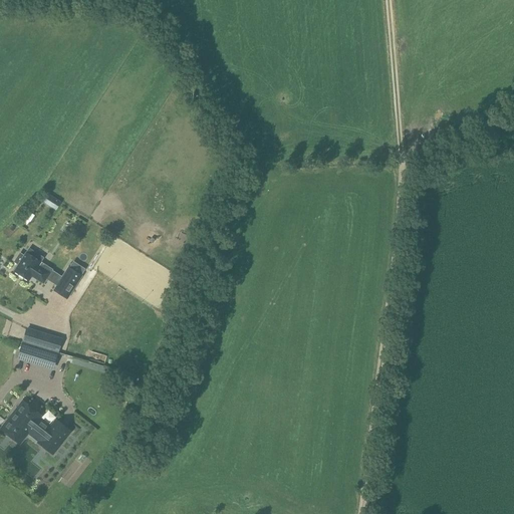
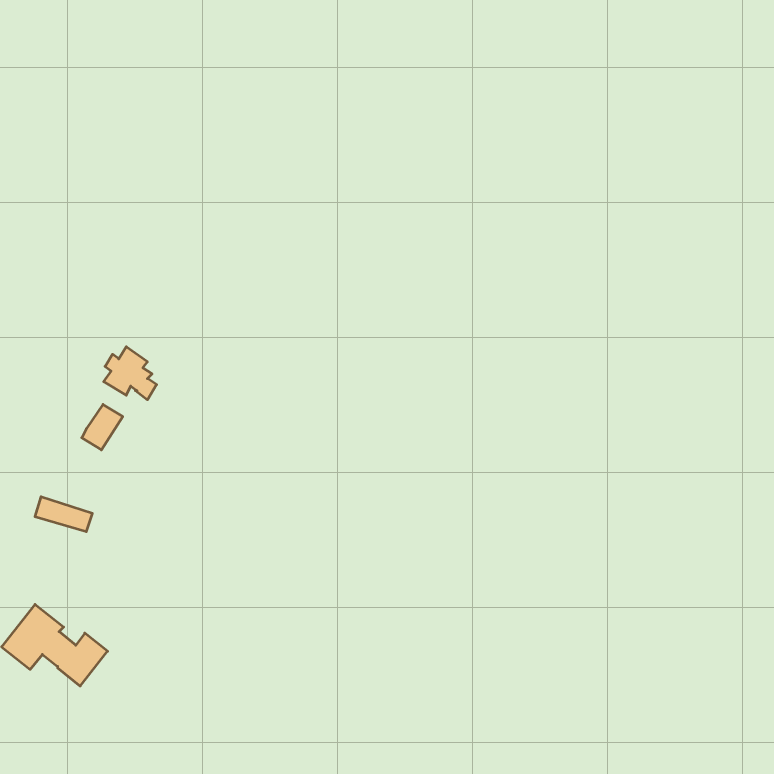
building: [14,248,49,283] -> [104,347,157,400]
building: [18,342,57,367] -> none

